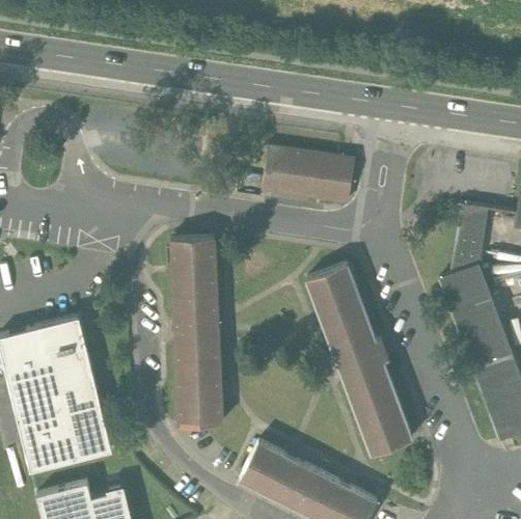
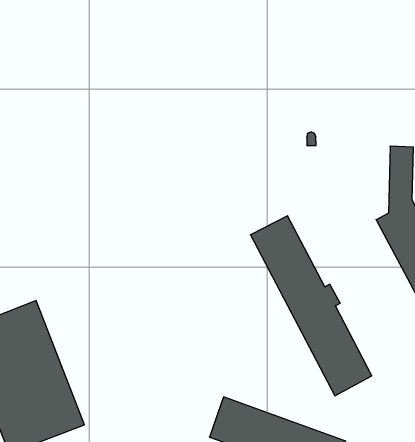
building: [263,146,353,200] -> none
building: [170,237,222,426] -> none

